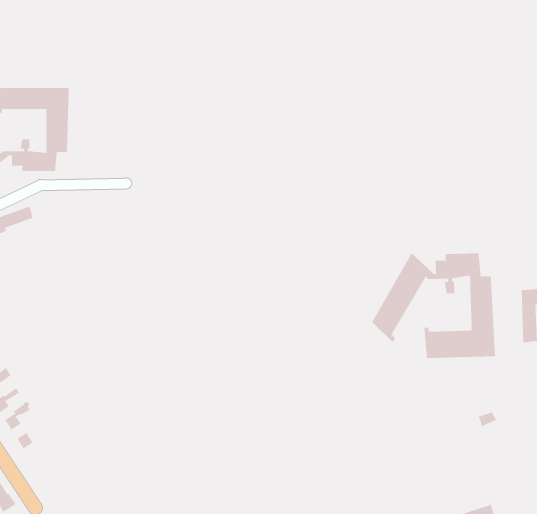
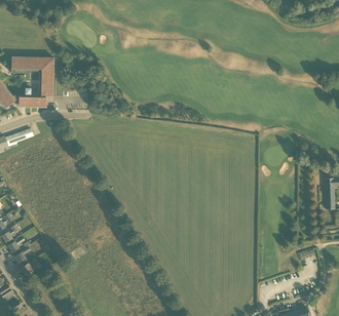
building: [372,252,495,359] -> none

